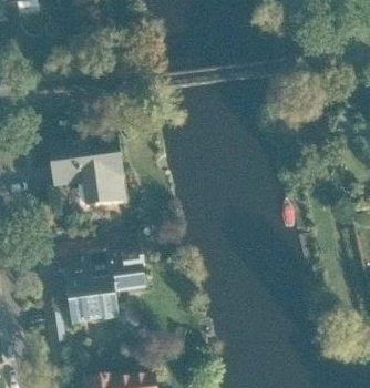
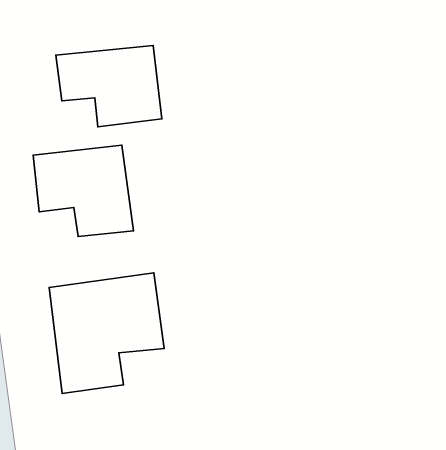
building: none -> [56,45,162,127]

